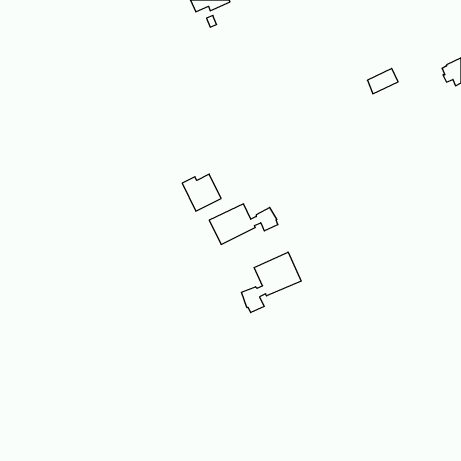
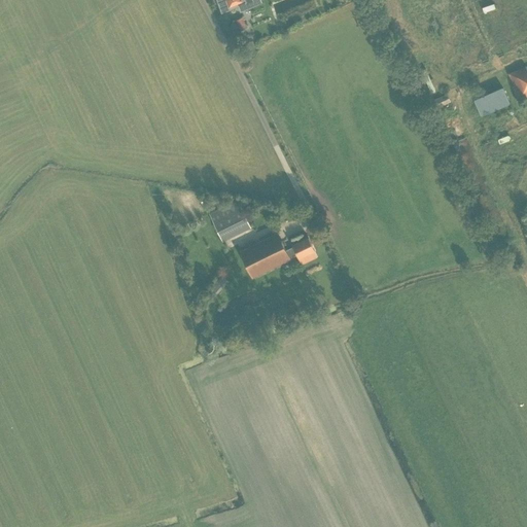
building: [367,68,398,94] -> [475,86,510,115]
building: [241,252,301,313] -> none

